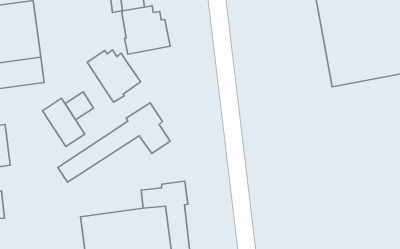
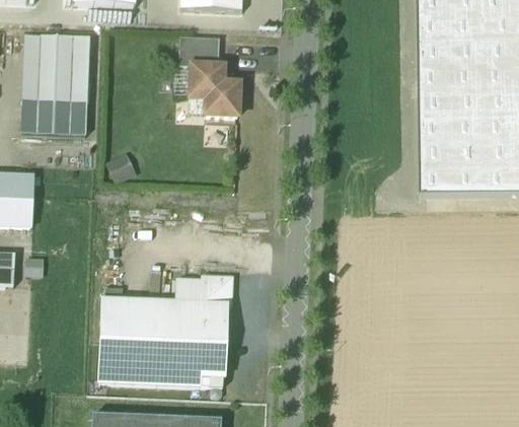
building: [87,50,141,102] -> none
building: [42,98,85,147] -> none
building: [58,103,170,182] -> none

